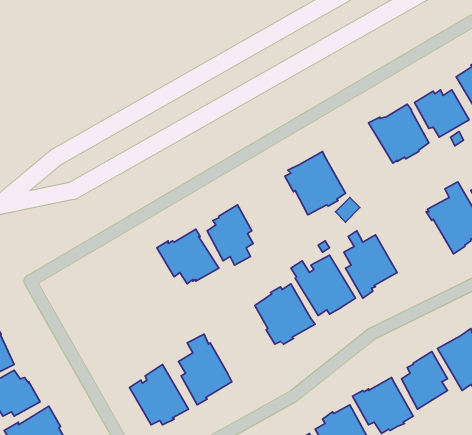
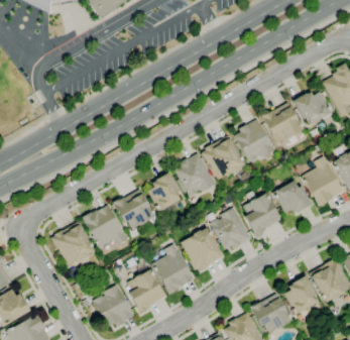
building: none -> [234,119,276,162]
building: none -> [174,153,217,197]
building: none -> [273,181,312,214]
building: none -> [83,205,129,248]
building: none -> [51,222,95,266]
building: none -> [152,244,194,295]

